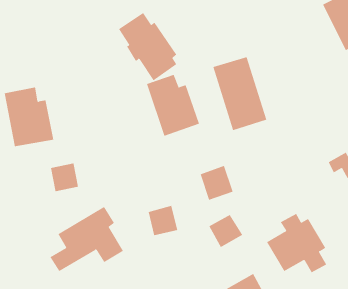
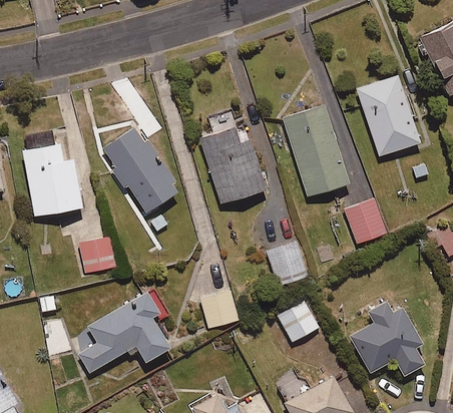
building: [118,12,177,81] -> [102,127,176,214]
building: none -> [356,75,422,157]
building: none -> [345,199,387,245]

